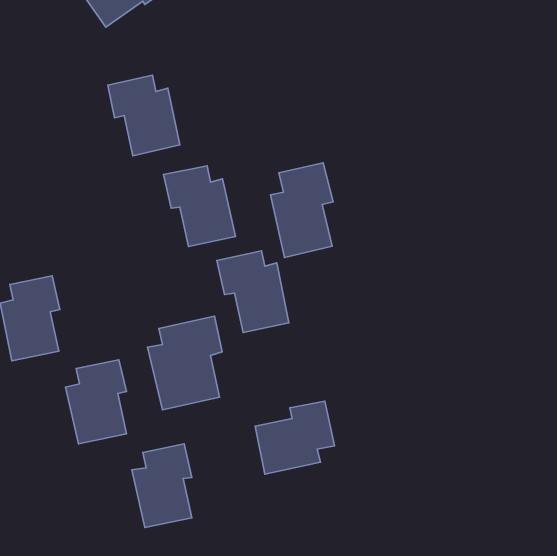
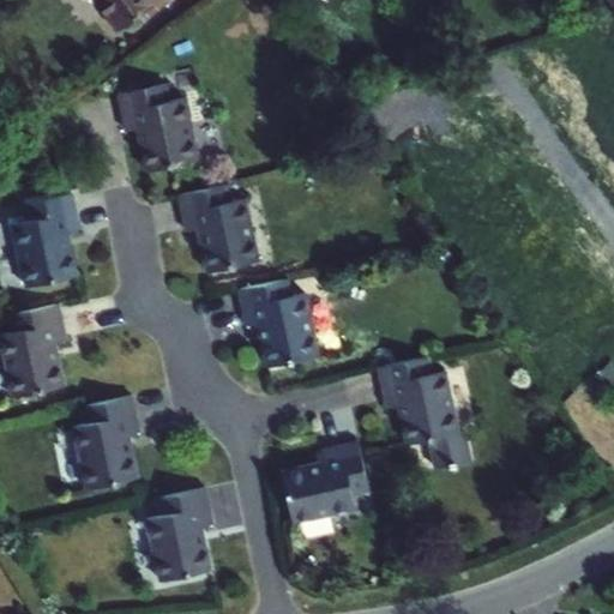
building: [270,163,333,258] -> none
building: none -> [12,192,78,287]
building: [147,316,222,410] -> none
building: none -> [378,354,469,468]

